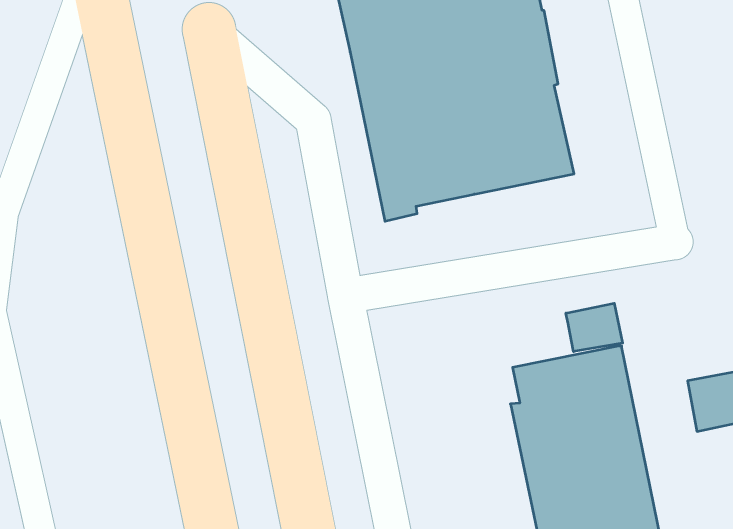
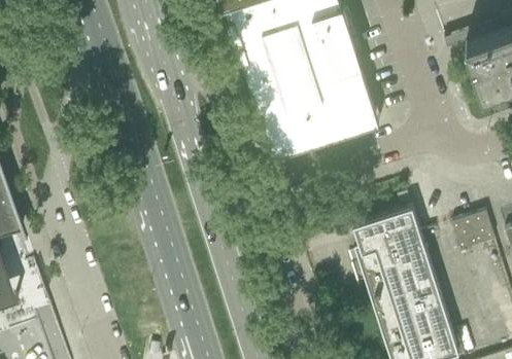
building: [566,303,623,352] -> none

